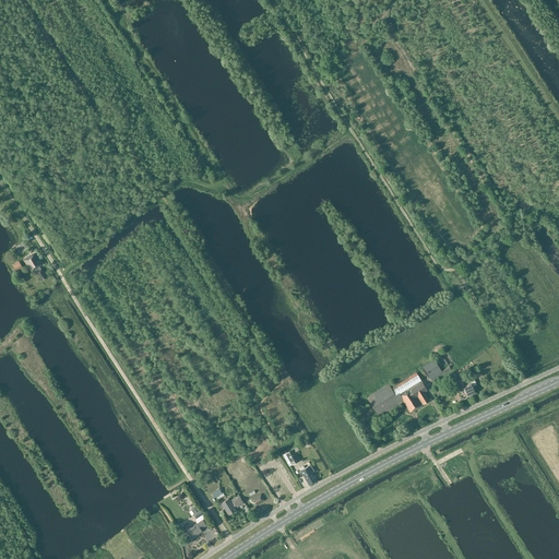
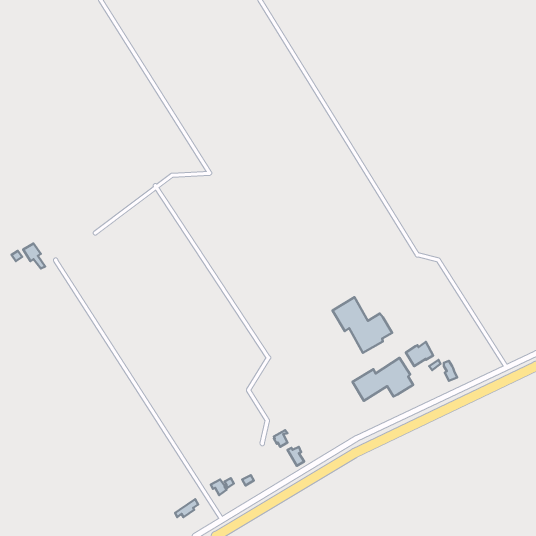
building: none -> [332,297,392,353]

